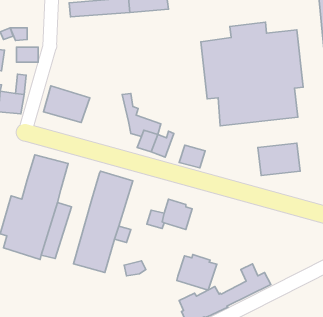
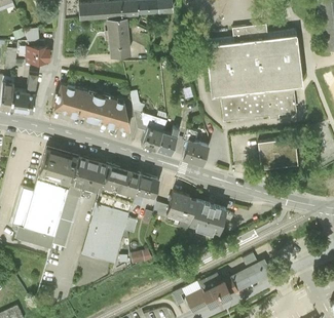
building: none -> [107,17,128,54]
building: none -> [89,95,135,130]
building: none -> [67,158,107,199]
building: none -> [131,174,157,203]
building: [177,255,217,290] -> [188,200,226,234]

